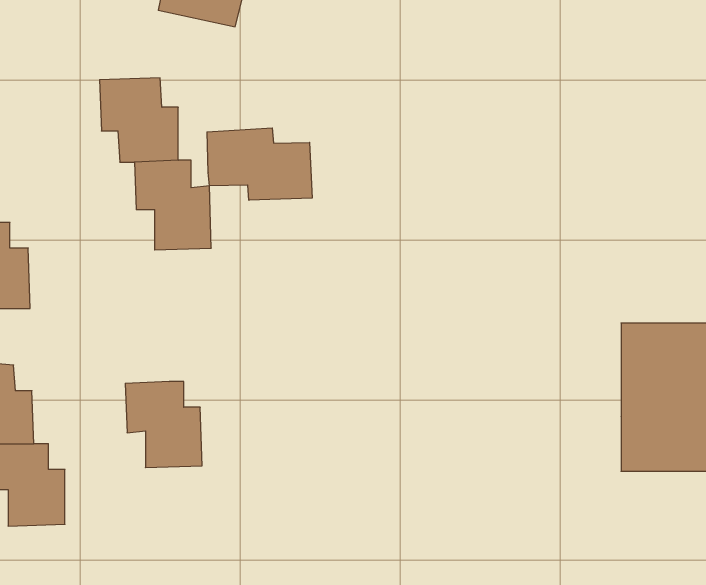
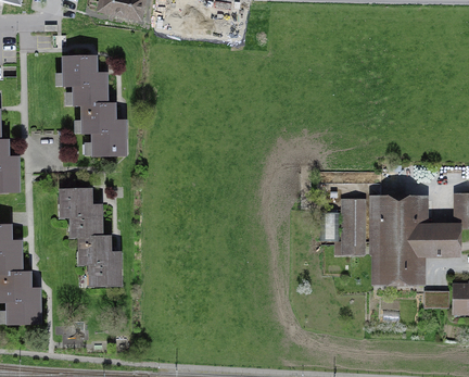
building: [207,128,312,200] -> none
building: none -> [58,188,102,235]
building: none -> [340,199,370,254]

